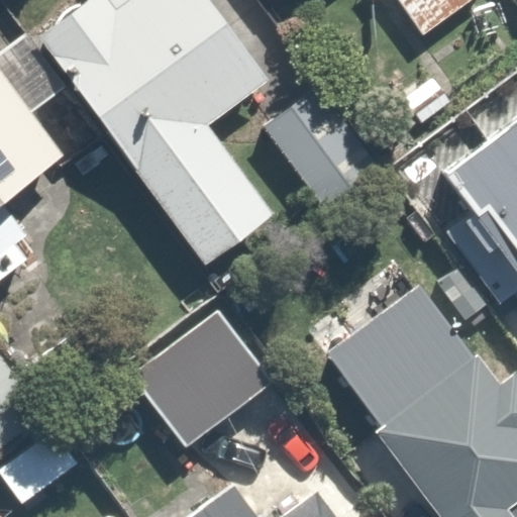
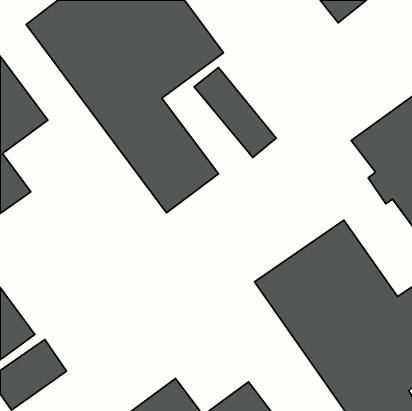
building: [122,304,274,453] -> none

